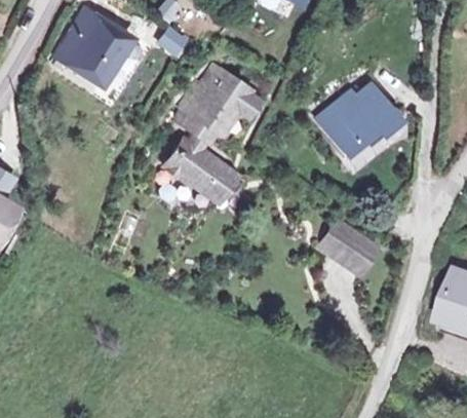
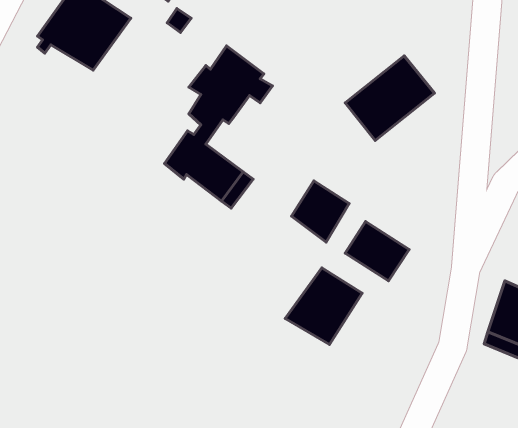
building: none -> [291,181,349,242]
building: none -> [285,268,362,345]

